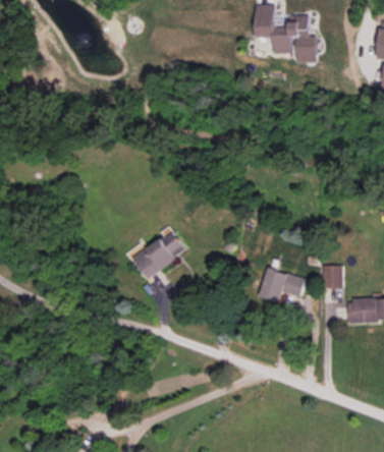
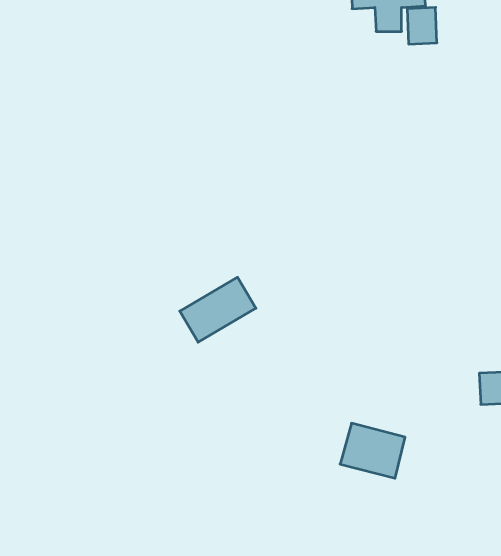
building: [322,265,342,287] -> none
building: [258,268,305,307] -> [340,423,405,478]

